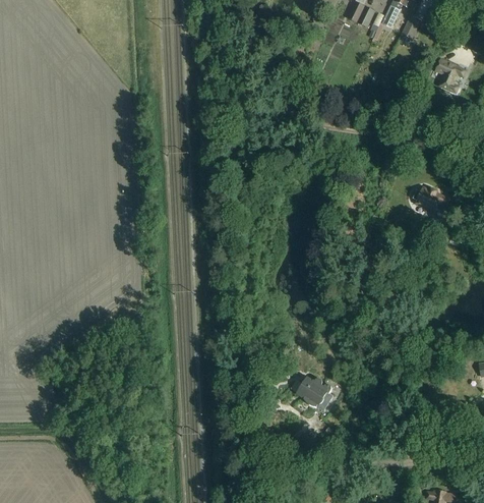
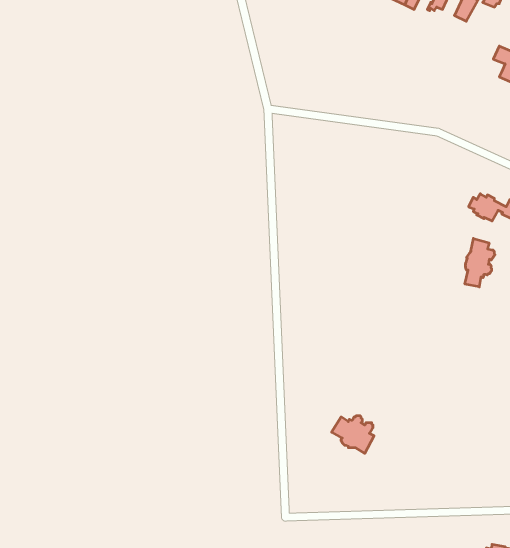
building: none -> [465,238,495,287]

